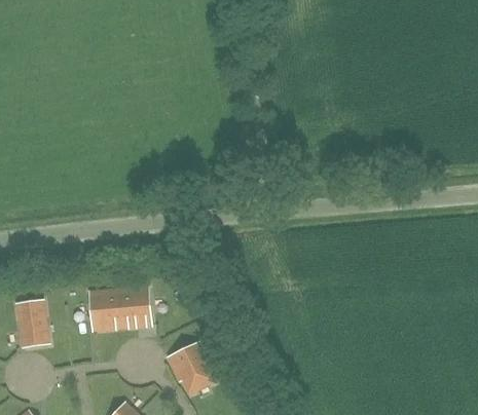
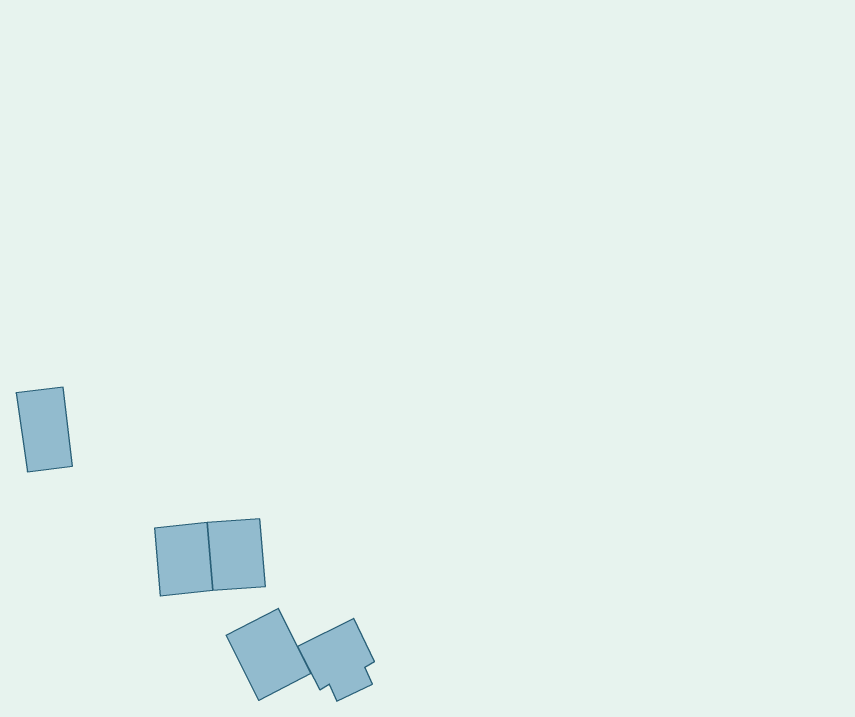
building: [16,301,47,347] -> [16,387,72,472]
building: none -> [226,608,311,700]

